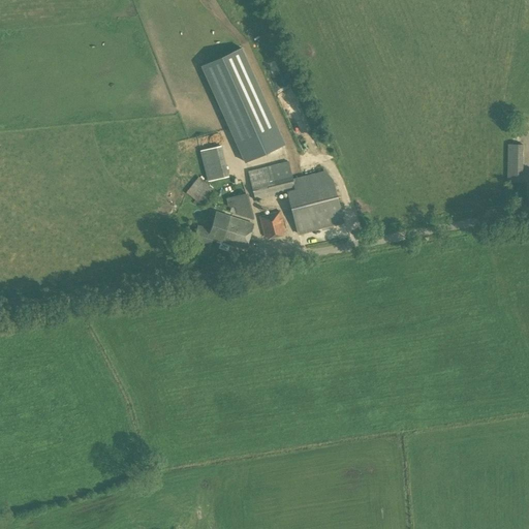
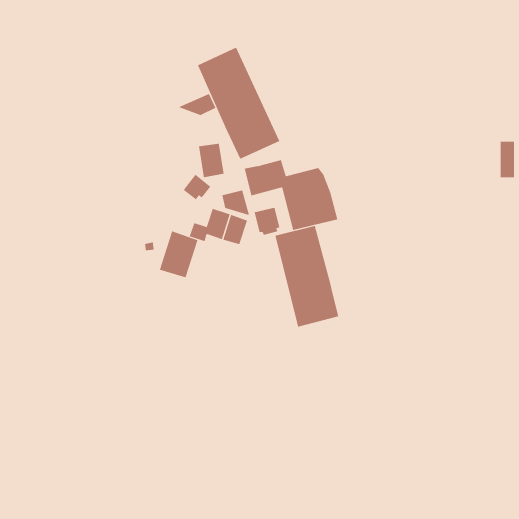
building: none -> [178,93,216,116]
building: none -> [275,225,339,328]
building: none -> [159,231,198,278]

